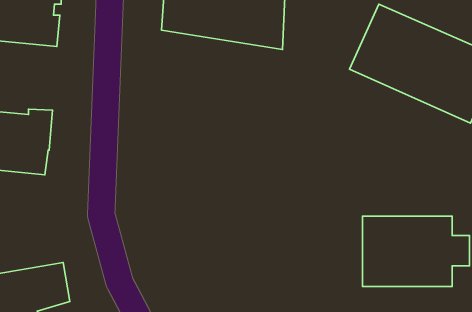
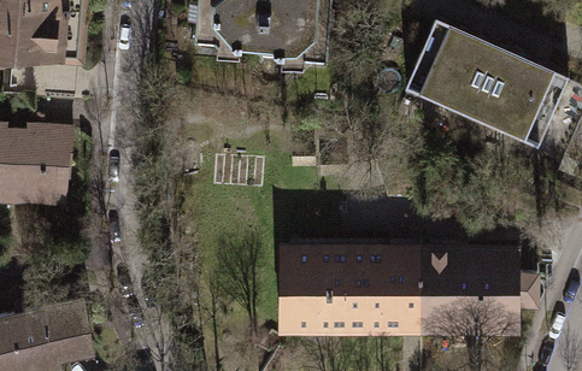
building: none -> [281,253,418,331]

